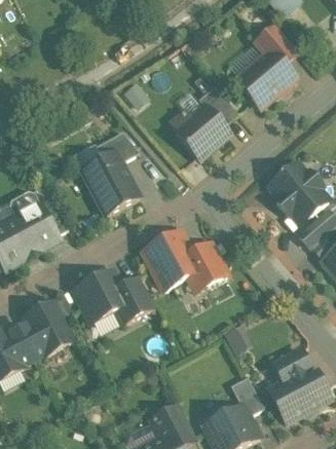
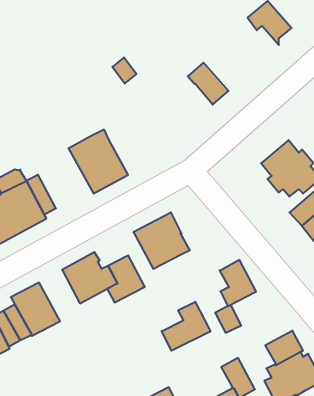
building: [235,49,295,107] -> none
building: [171,106,228,158] -> none
building: [96,130,139,161] -> none
building: [190,242,226,288] -> [219,260,256,306]
building: none -> [162,302,210,351]

